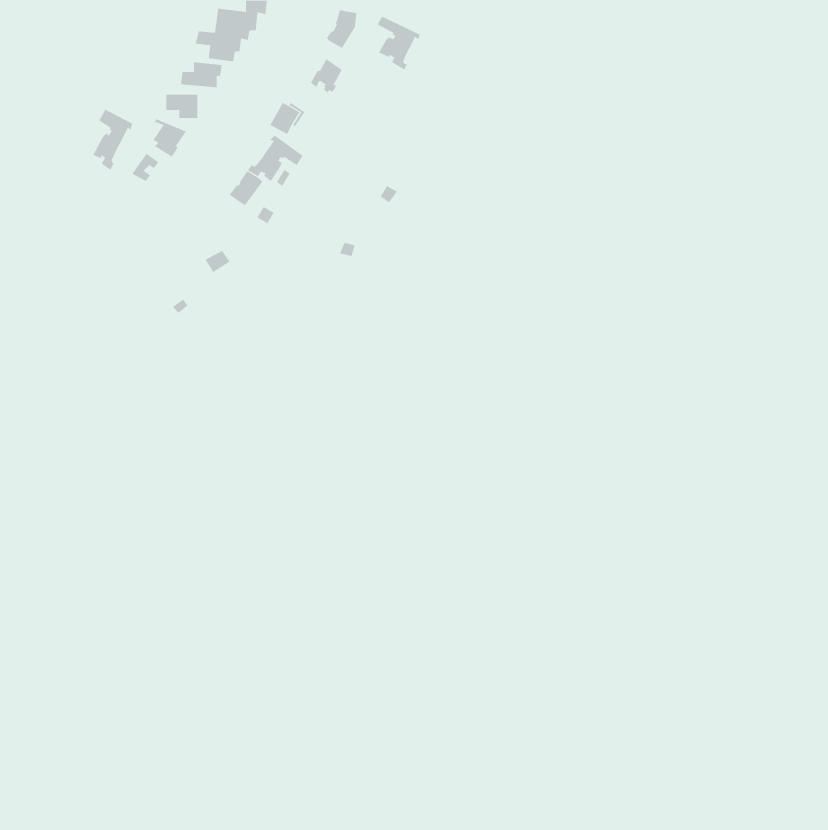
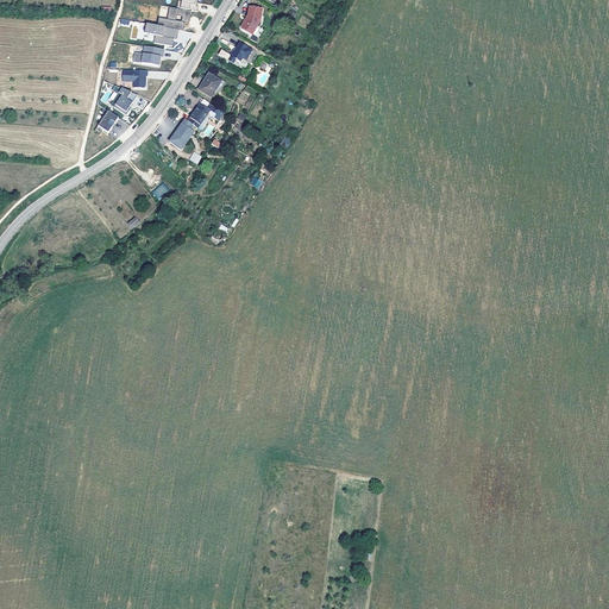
building: [377,16,420,70] -> none
building: [92,109,133,171] -> none

